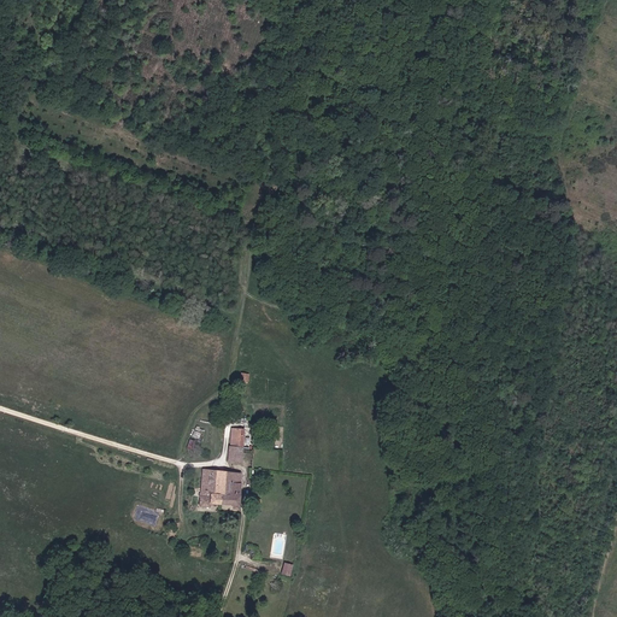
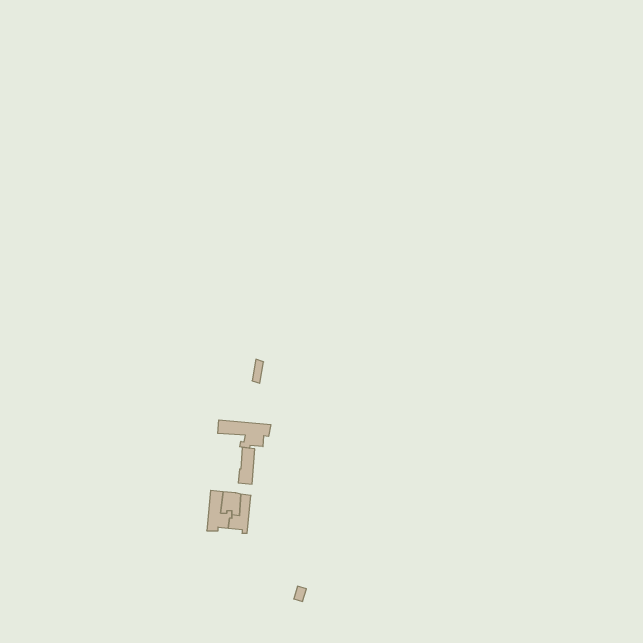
building: none -> [218,420,271,448]

